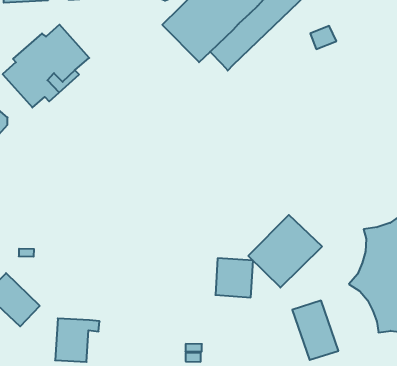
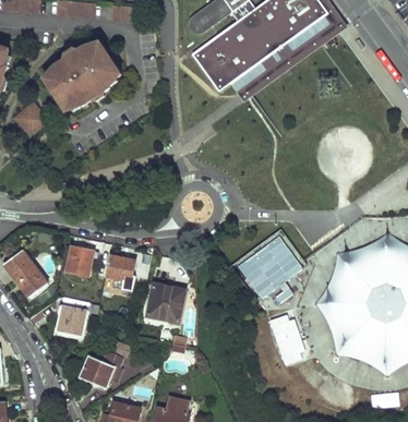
building: [215,258,253,297] -> [147,284,184,322]
building: none -> [59,244,94,275]
building: none -> [105,254,135,279]

